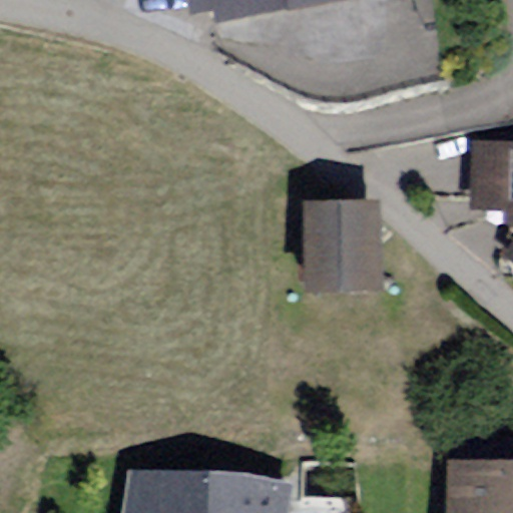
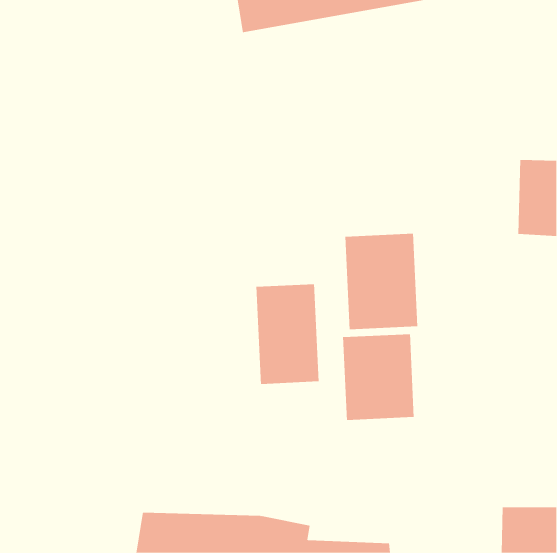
building: none -> [256,283,319,385]
building: none -> [343,333,414,421]

